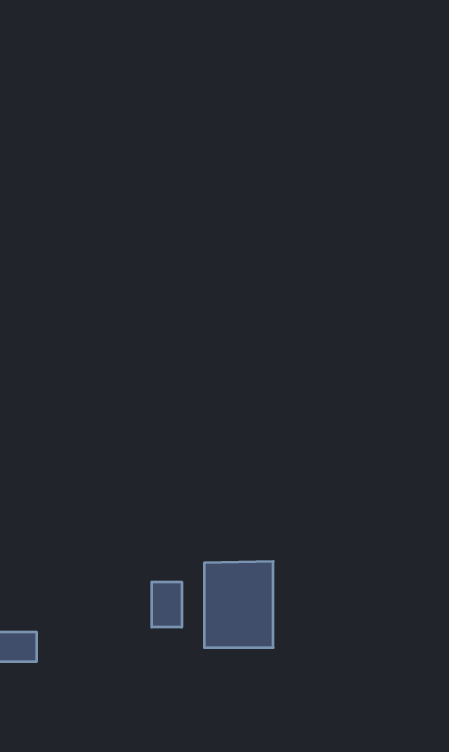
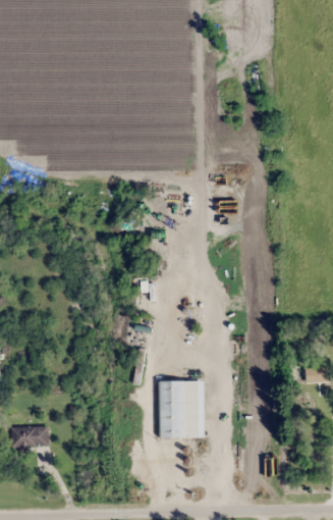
building: [152,582,182,627] -> none

